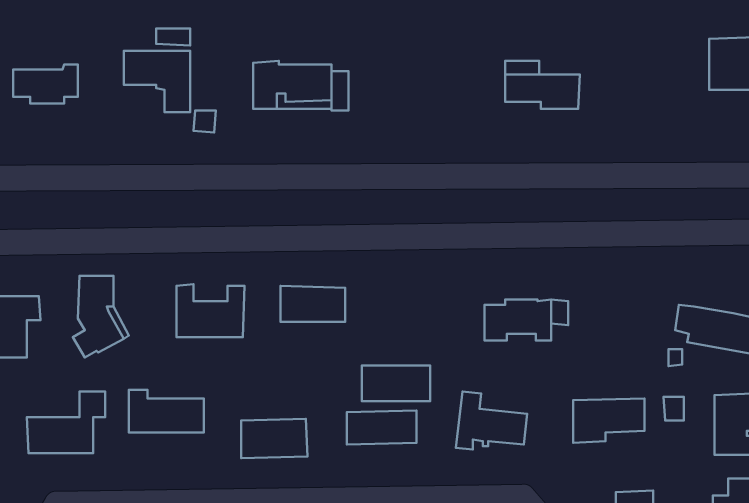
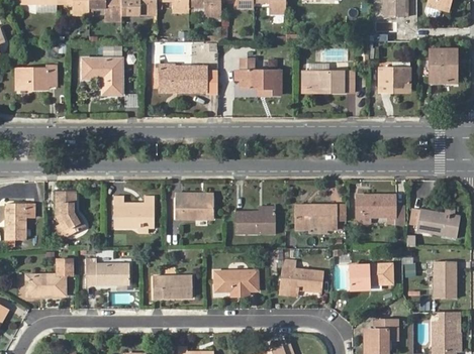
building: none -> [240,61,280,96]
building: none -> [380,69,410,93]
building: none -> [357,196,405,225]
building: [362,365,430,401] -> [235,213,276,234]

